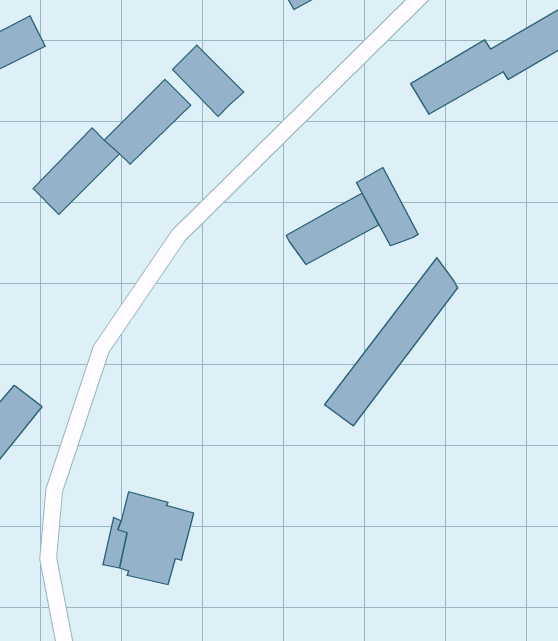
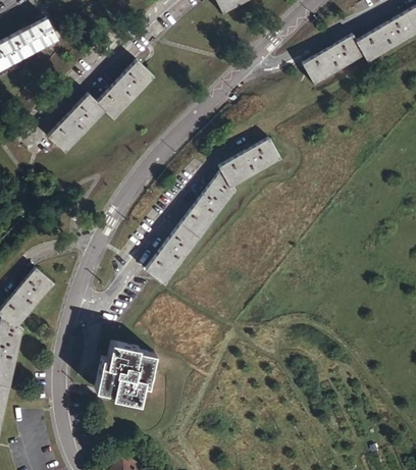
building: [173,45,244,116] -> none
building: [356,168,418,246] -> none
building: [325,258,458,426] -> [144,170,233,283]

